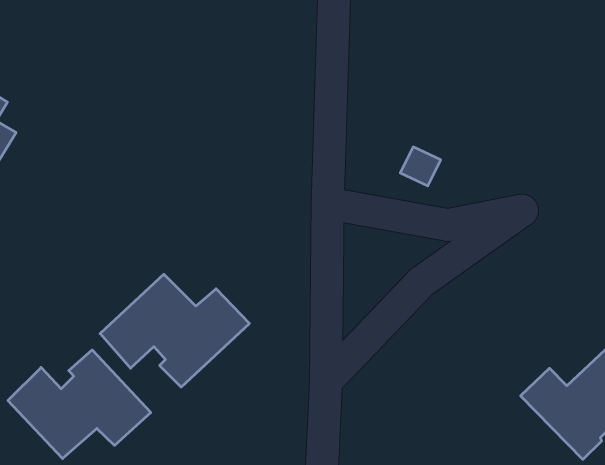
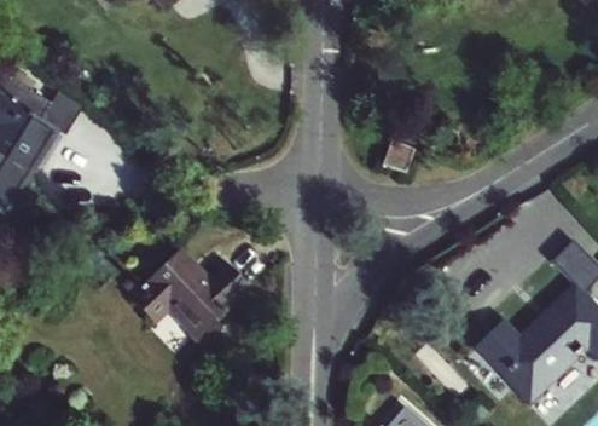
building: [8,350,151,459] -> none

